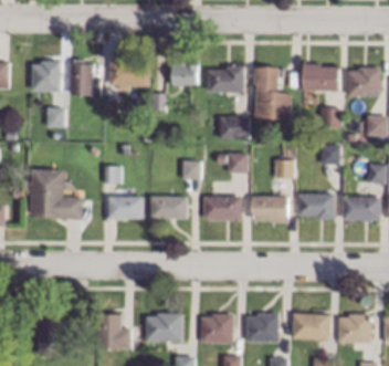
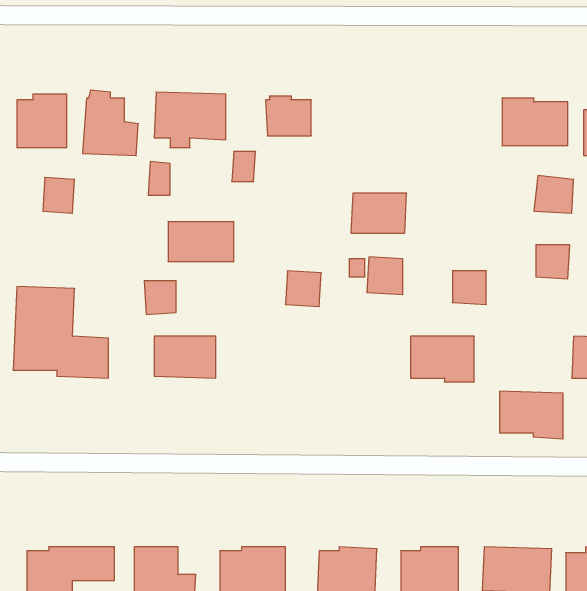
building: [207,65,243,92] -> none
building: [253,66,291,117] -> none
building: [297,192,333,219] -> [500,391,563,439]
building: [150,196,187,218] -> [168,222,234,262]
building: [202,196,241,219] -> none

